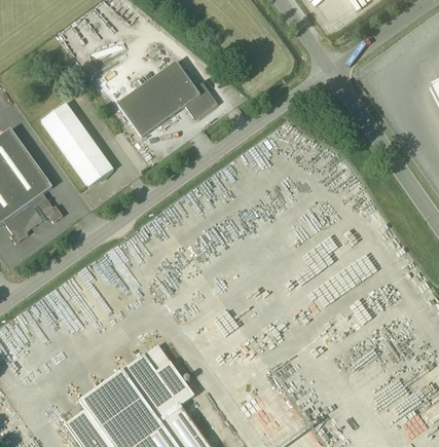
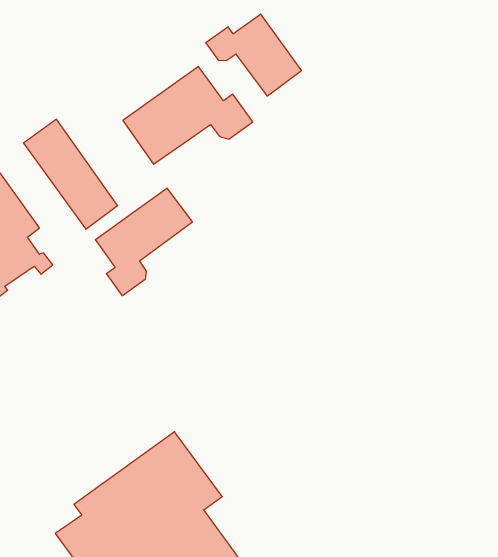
building: none -> [206,14,301,96]
building: none -> [95,188,192,296]

